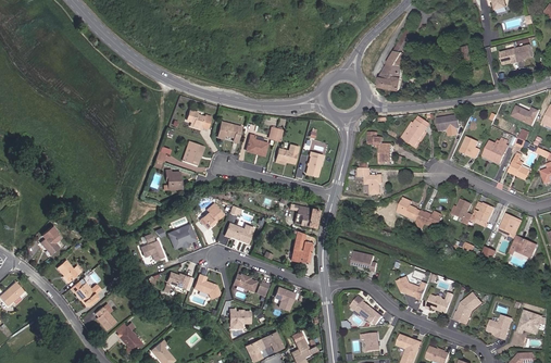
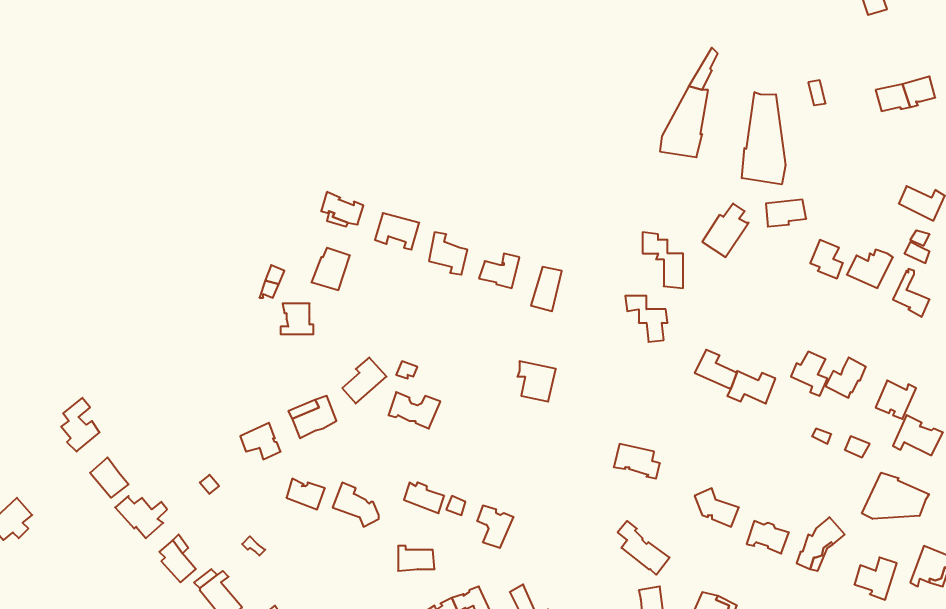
building: none -> [742,92,785,184]
building: [289,228,312,263] -> none
building: none -> [862,473,929,519]

